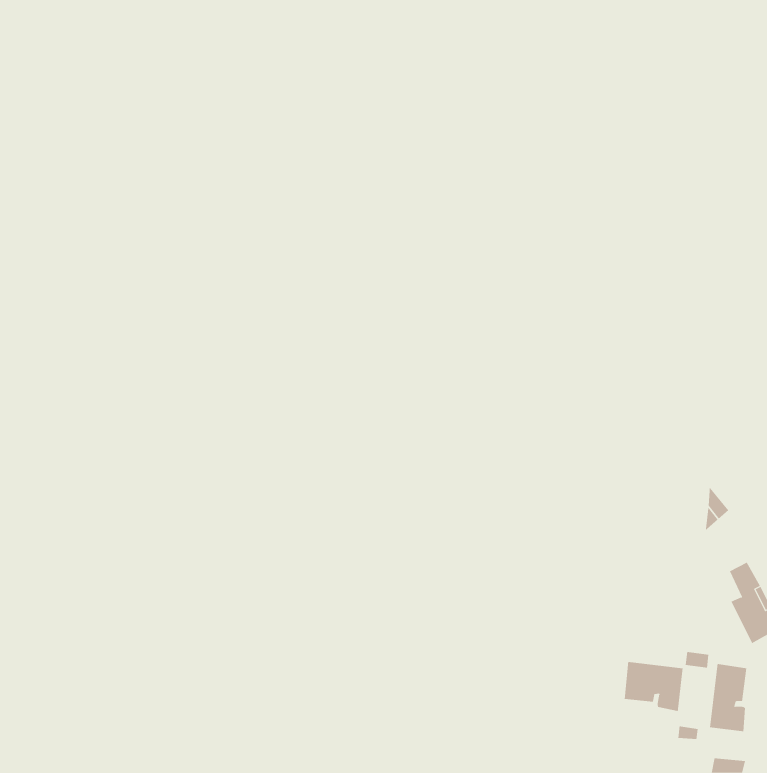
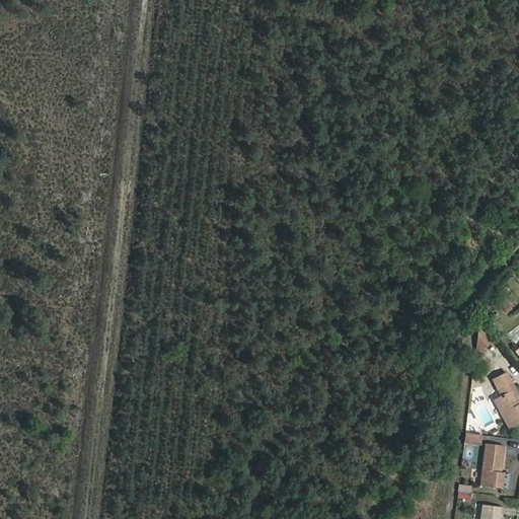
building: [624,661,683,712] -> none

